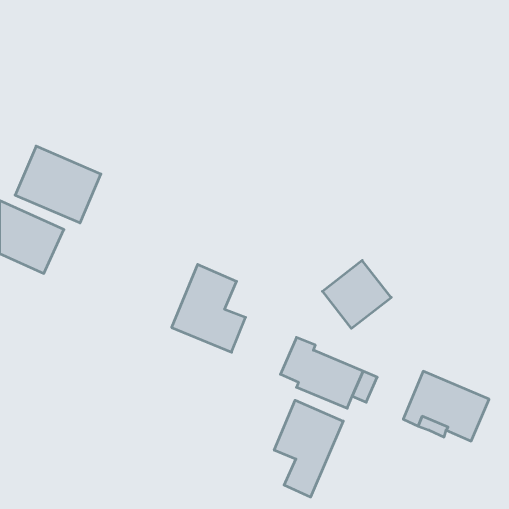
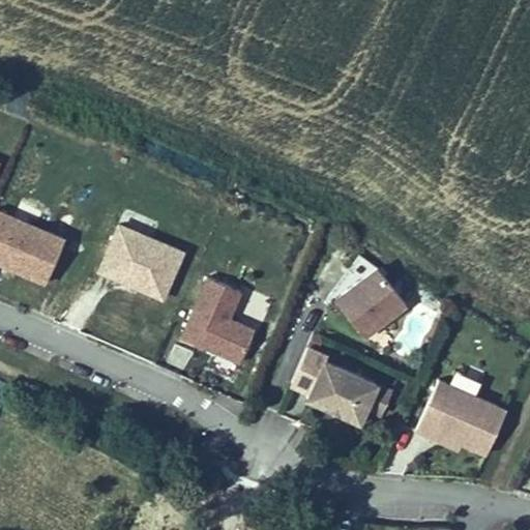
building: [15,146,101,223] -> [96,223,185,302]
building: [274,400,343,497] -> none

